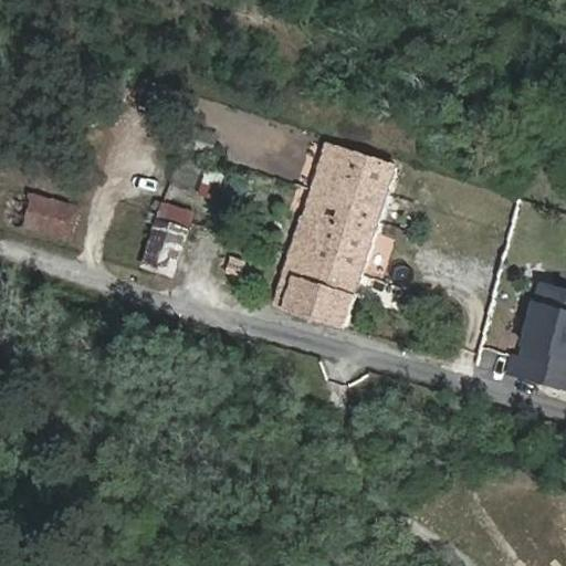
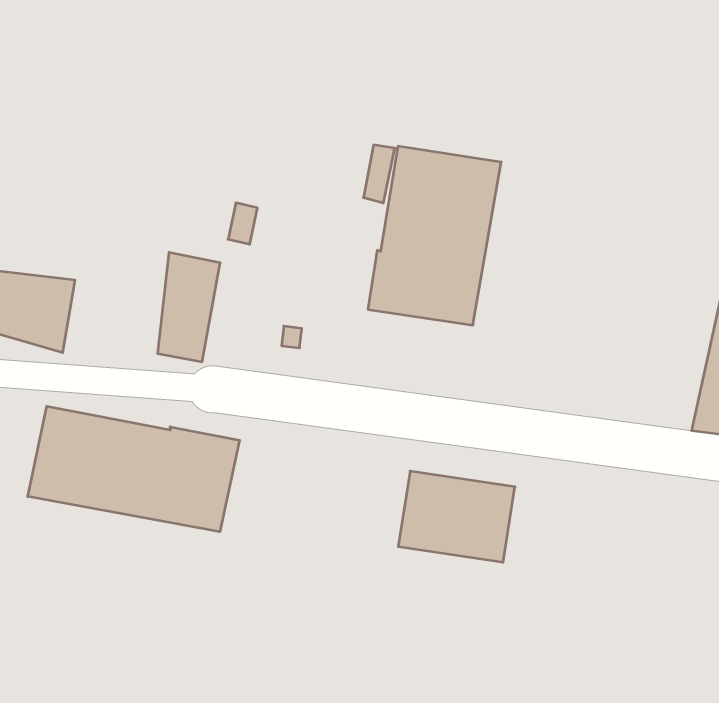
building: [276,255,363,327] -> [398,471,515,562]
building: none -> [28,406,240,532]

